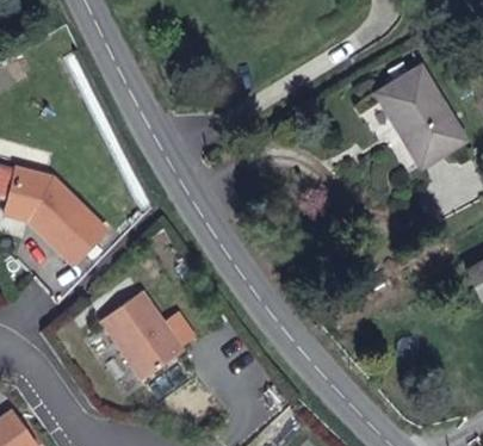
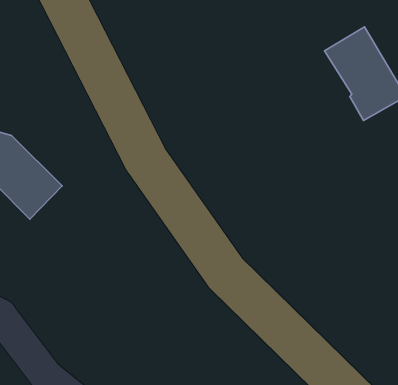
building: [101,292,184,380] -> none

